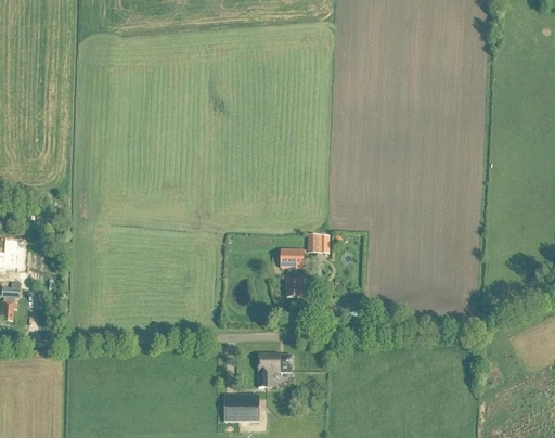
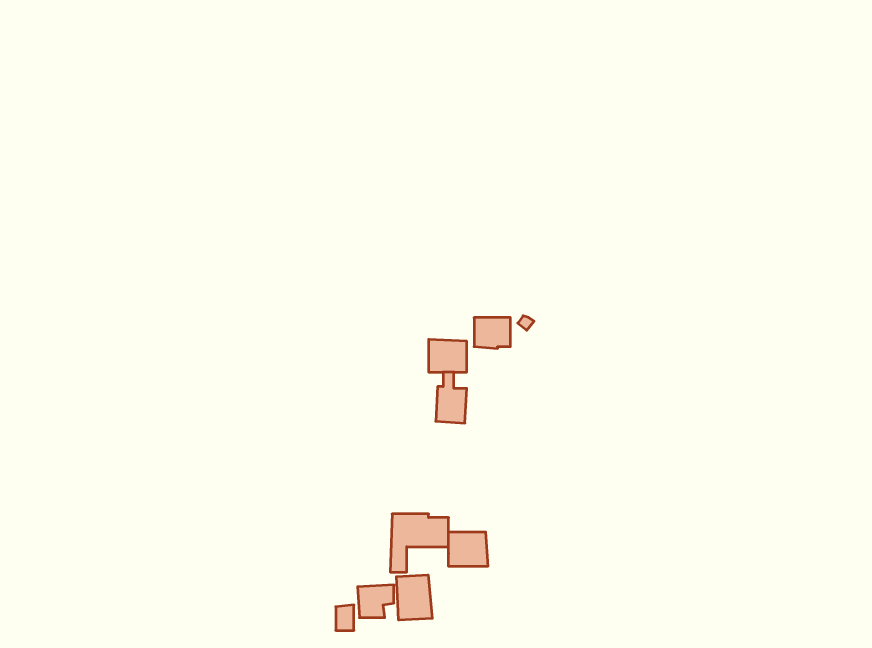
building: none -> [449,532,488,566]
building: none -> [396,575,432,620]

